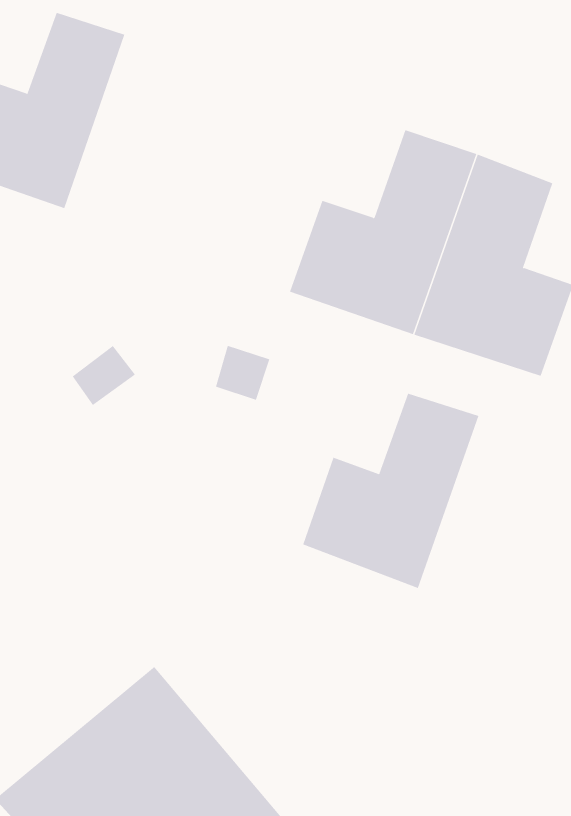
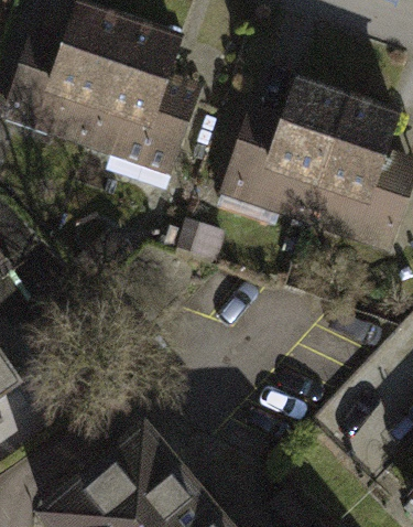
building: none -> [84,26,197,169]
building: [303,393,479,589] -> none

